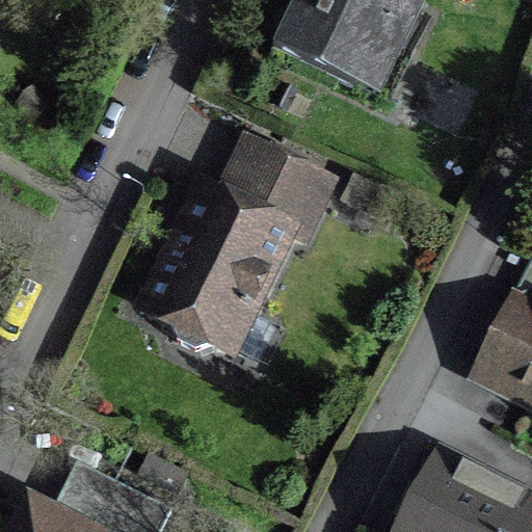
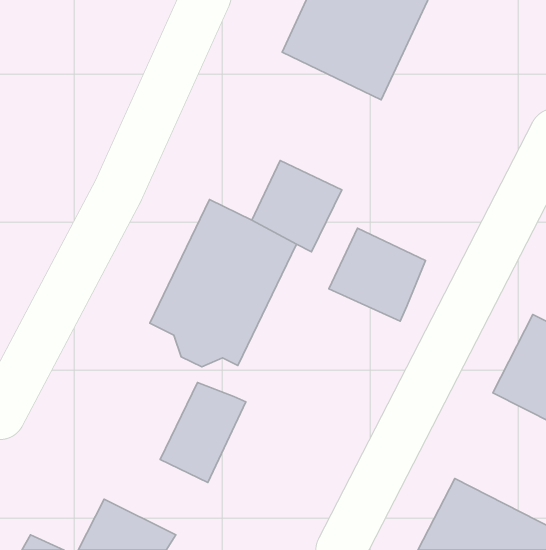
building: none -> [329,228,425,321]
building: none -> [160,383,246,482]

